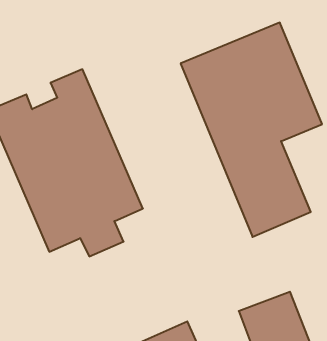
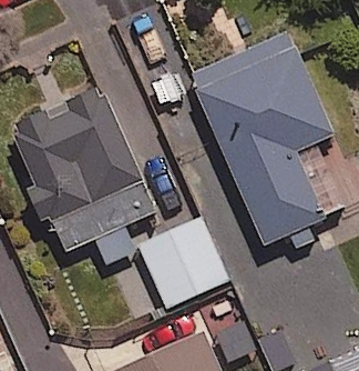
building: none -> [141,219,228,309]

